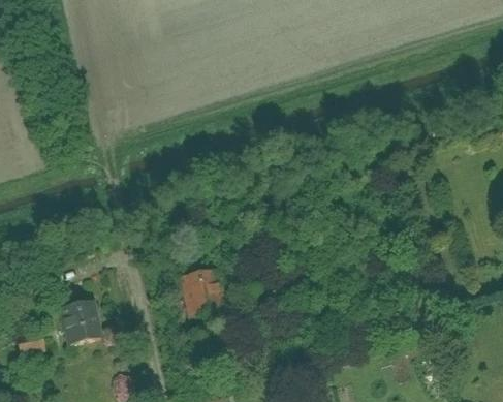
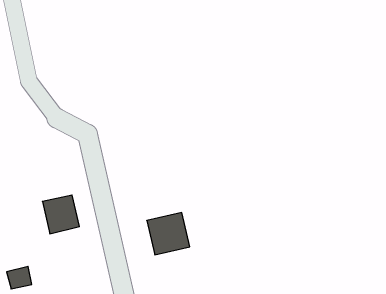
building: [59,299,101,343] -> [42,195,79,234]

